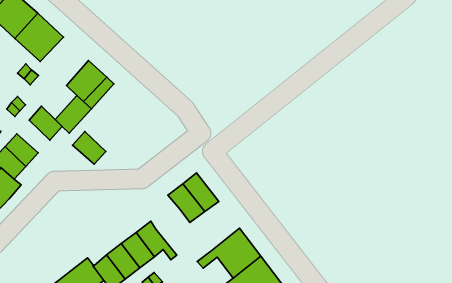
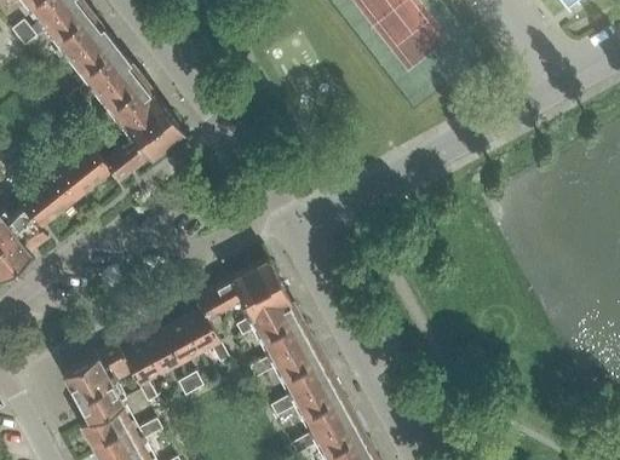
building: none -> [94,67,155,127]
building: [73,131,106,164] -> [51,162,91,205]
building: none -> [194,283,239,323]
building: none -> [236,301,309,361]

